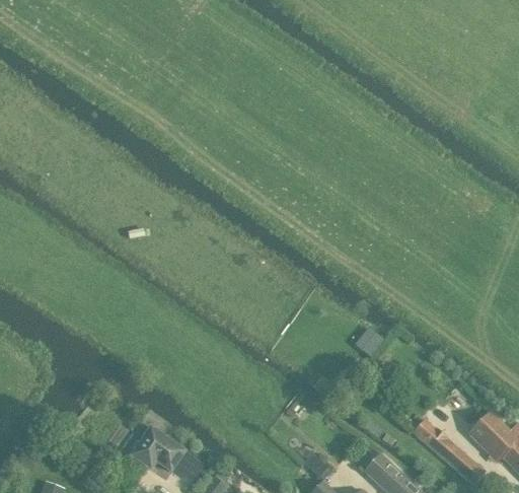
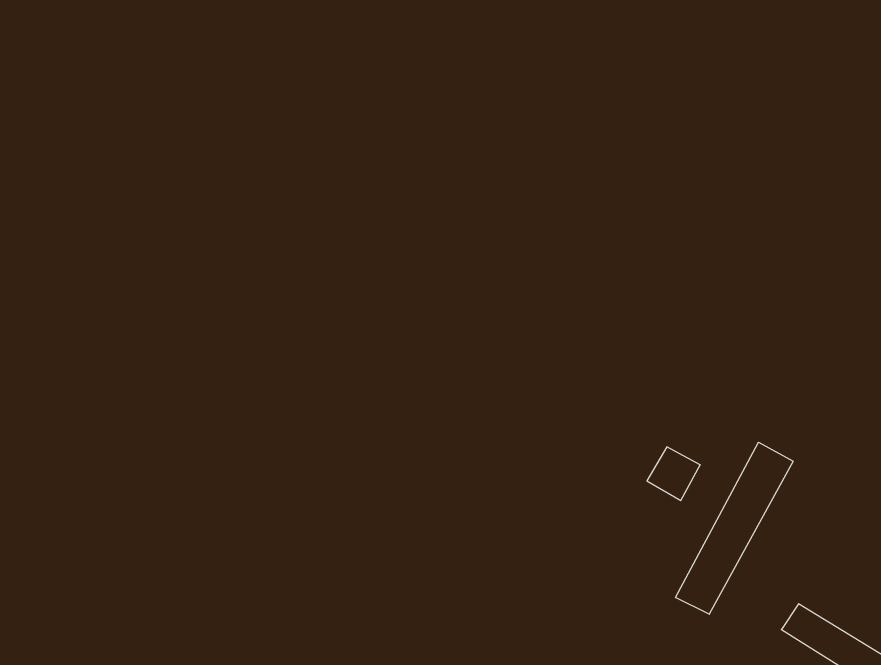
building: none -> [676,442,793,614]

